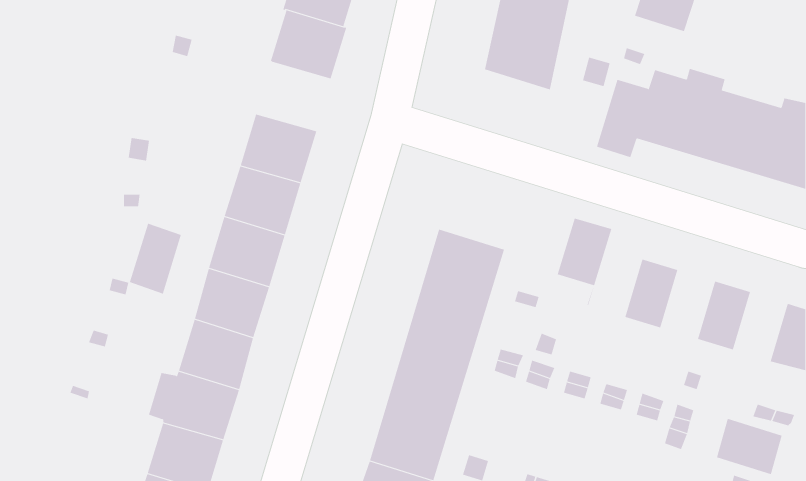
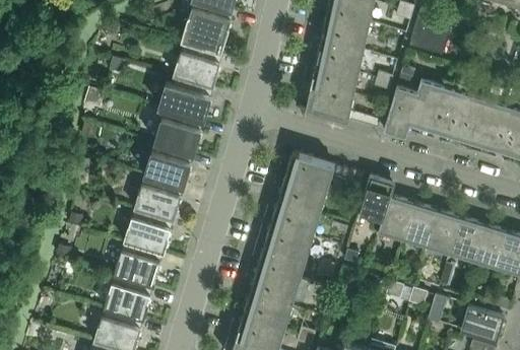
building: none -> [165,76,214,121]
building: none -> [306,81,380,130]
building: none -> [282,152,364,197]
building: [129,223,181,294] -> none
building: none -> [379,184,413,240]
building: none -> [426,210,460,255]
building: none -> [472,224,507,269]

